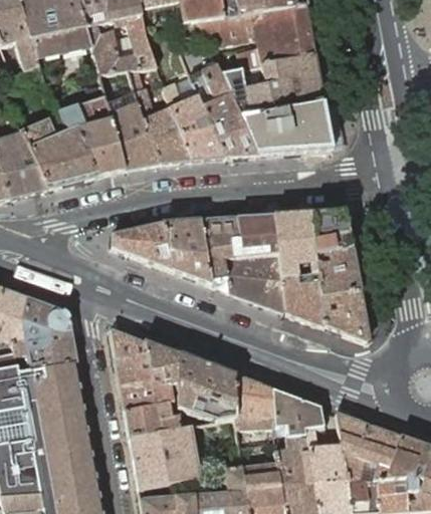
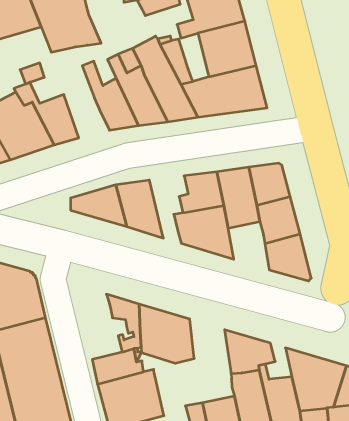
building: [98,68,159,168] -> none
building: [199,217,240,278] -> none
building: [281,272,324,325] -> none
building: [109,328,171,411] -> none
building: [233,373,274,447] -> none

